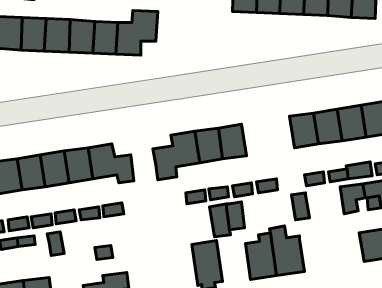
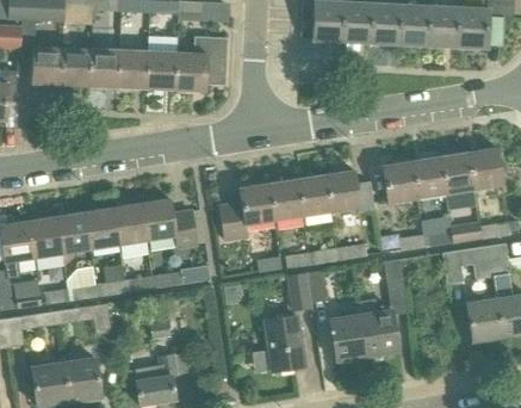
building: none -> [324,171,373,214]

